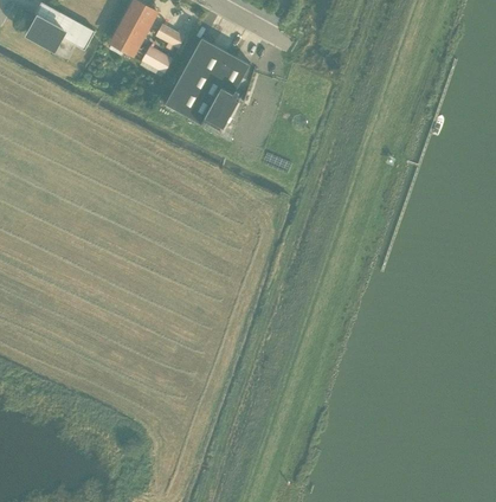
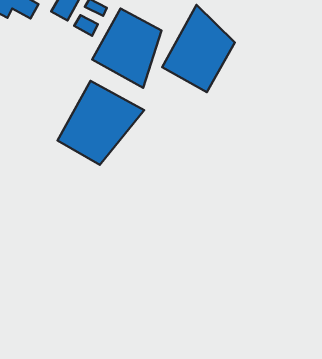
building: none -> [162,5,235,92]
building: none -> [58,81,144,165]

